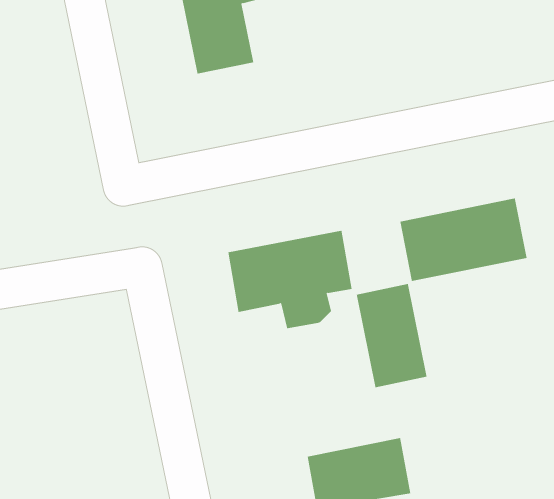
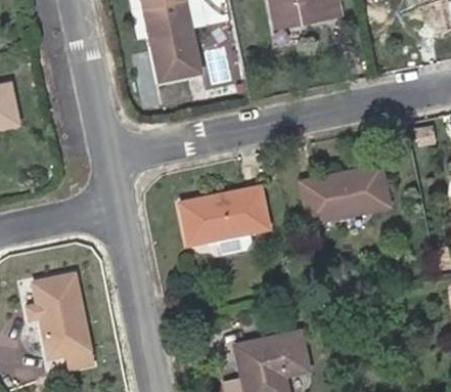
building: [356,283,427,388] -> none
building: none -> [34,274,92,366]

